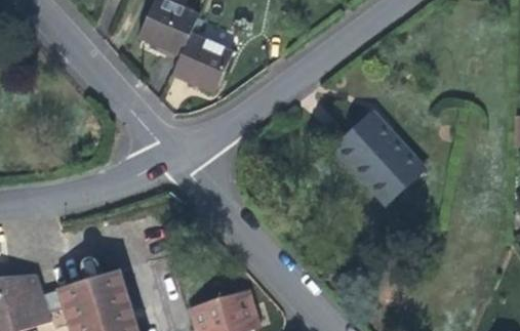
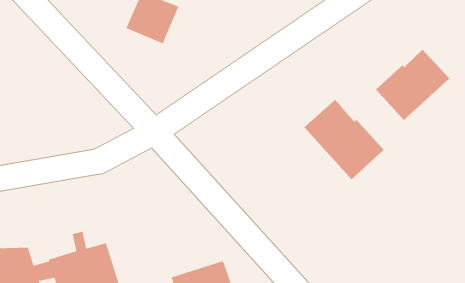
building: [173,34,235,94] -> none
building: none -> [375,49,450,121]

